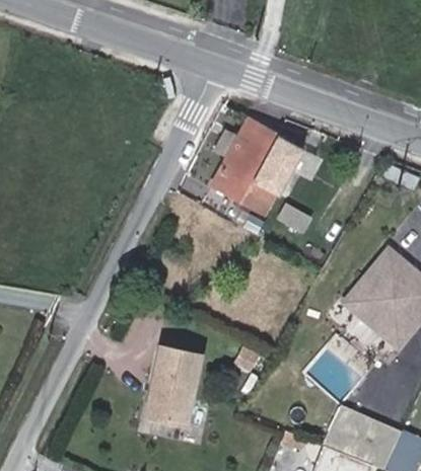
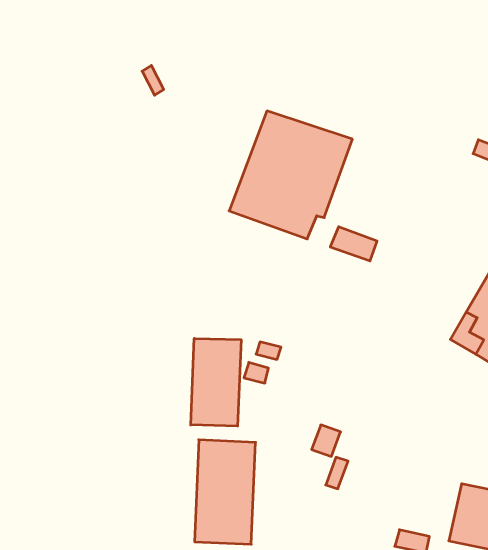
building: none -> [191,338,241,426]

